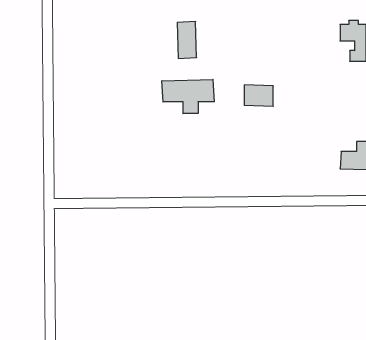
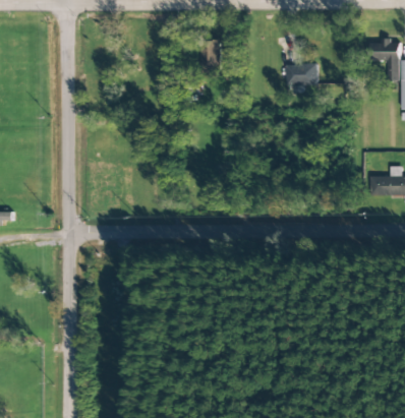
building: [162,79,214,114] -> none
building: [244,85,273,106] -> [285,64,315,86]

